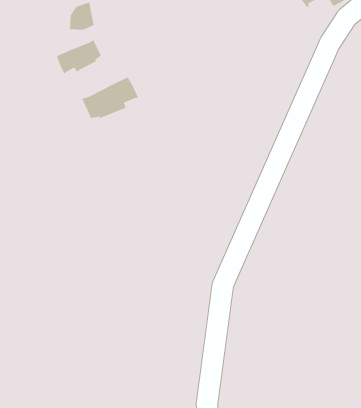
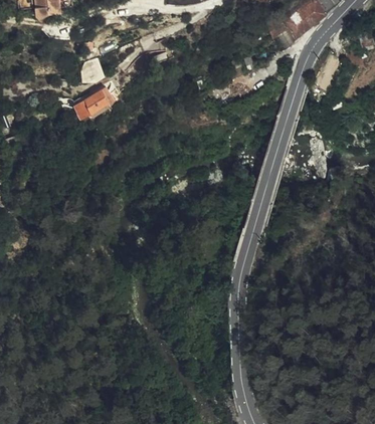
building: [81,76,139,119] -> none

